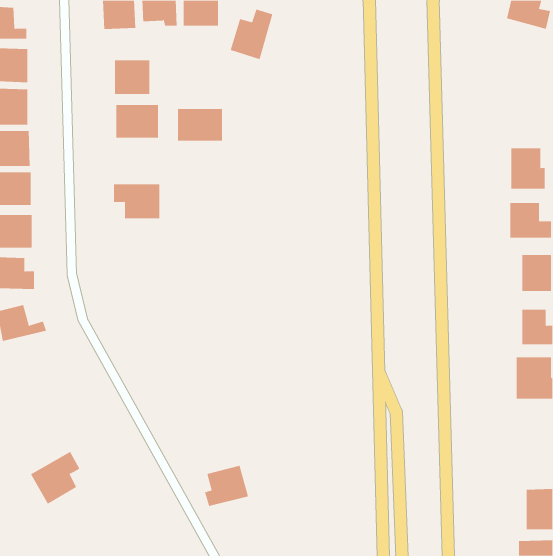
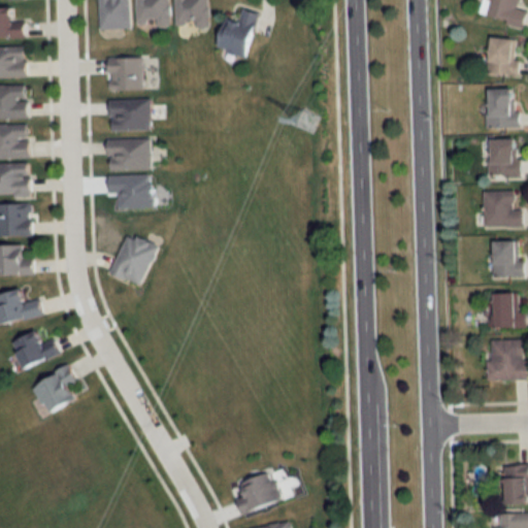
building: none -> [481,38,515,76]
building: none -> [483,90,514,127]
building: [177,109,223,141] -> [107,138,151,169]
building: none -> [110,233,157,285]
building: none -> [13,330,61,368]
building: [30,451,80,505] -> [32,364,79,415]
building: [204,465,249,506] -> [237,473,279,513]

